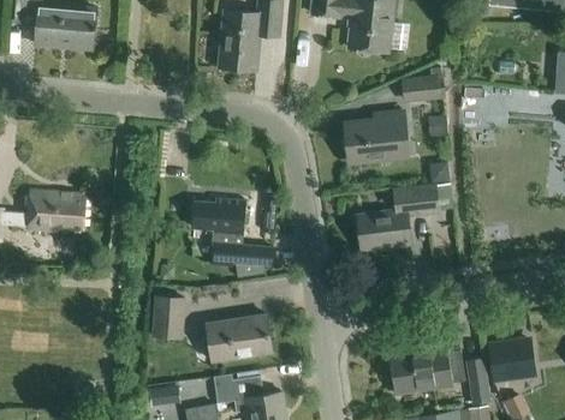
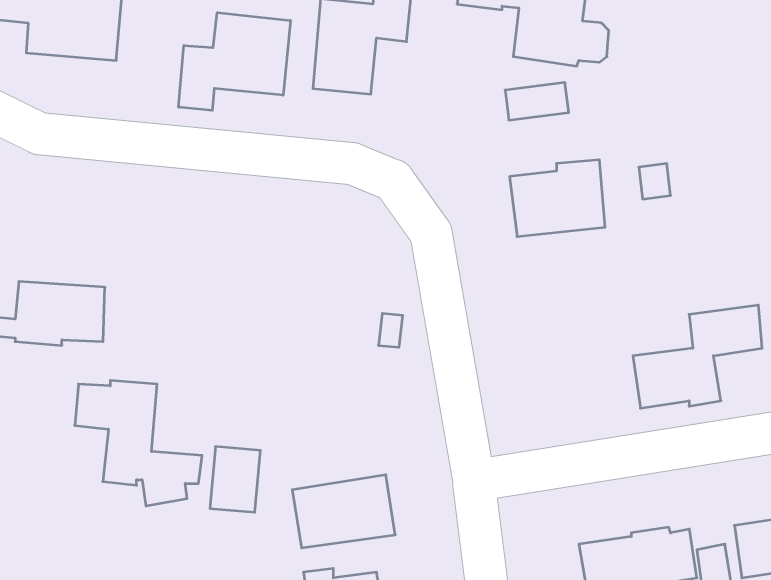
building: none -> [179,13,290,110]
building: [403,77,444,101] -> [505,83,569,120]
building: [356,184,439,250] -> [633,305,762,408]
building: [192,199,274,280] -> [75,380,202,506]

